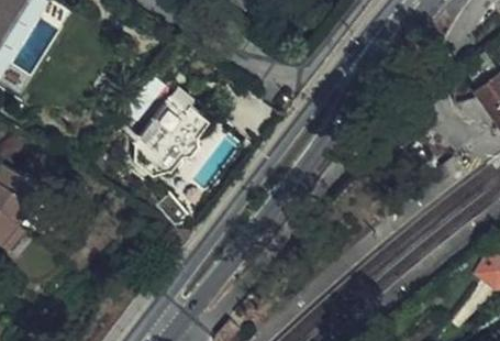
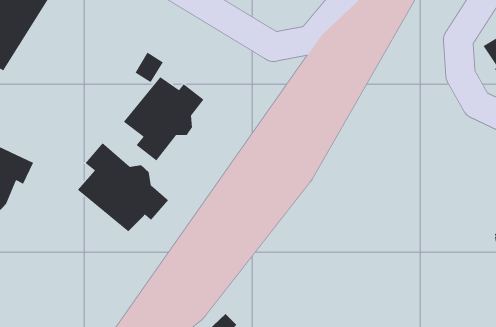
building: none -> [77,142,169,232]

